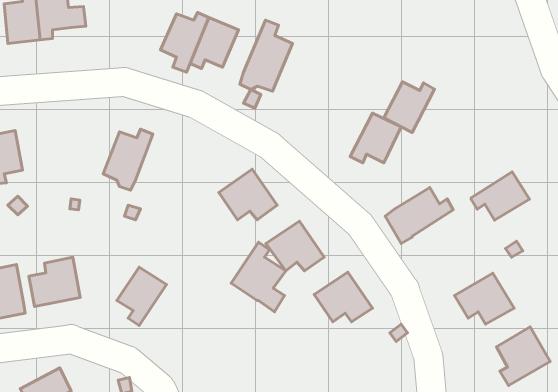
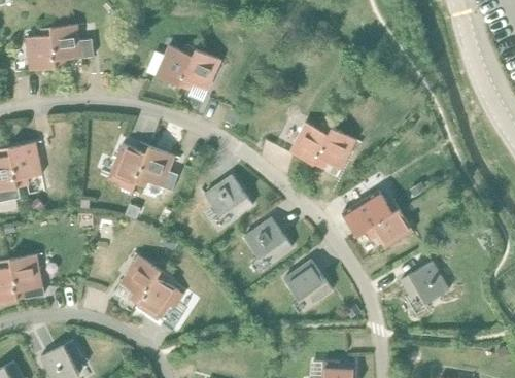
building: [240,20,293,91] -> none
building: [384,82,435,133] -> [289,123,332,165]
building: none -> [135,146,177,192]
building: [471,172,529,220] -> [365,209,413,249]
building: [231,242,286,312] -> [138,271,183,329]
building: [29,257,80,307] -> none
building: [497,327,550,386] -> none

